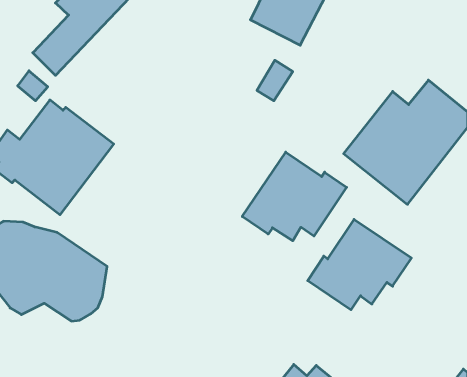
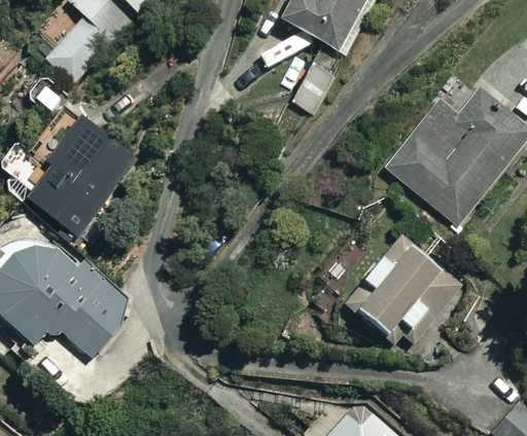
building: [242,152,347,241] -> none

